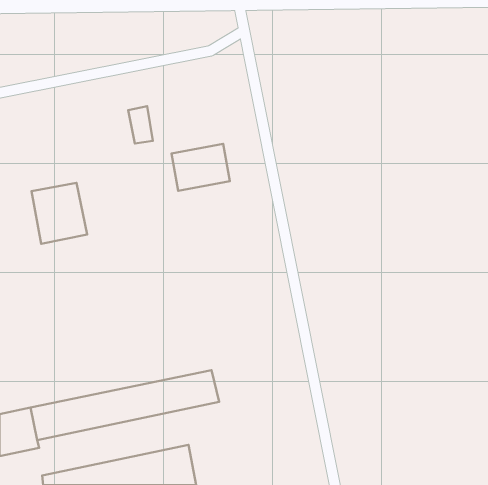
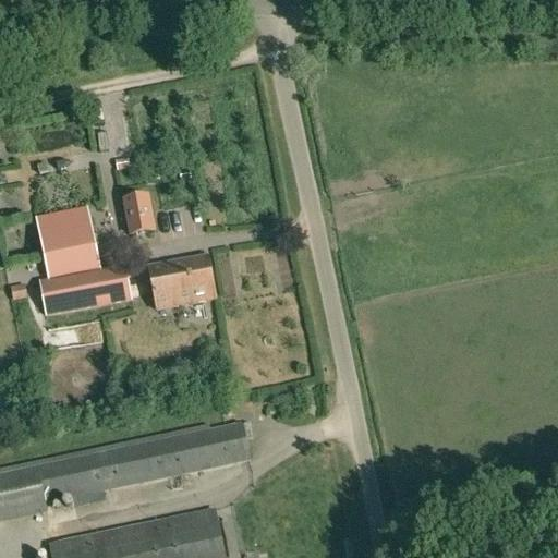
building: [128,106,153,144] -> [124,195,153,238]
building: [171,144,230,191] -> [147,254,214,307]
building: none -> [38,262,131,315]

